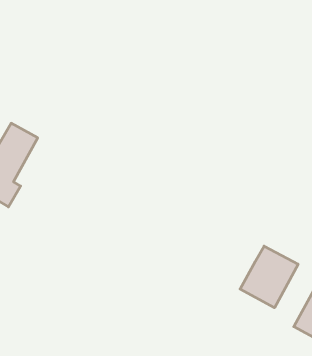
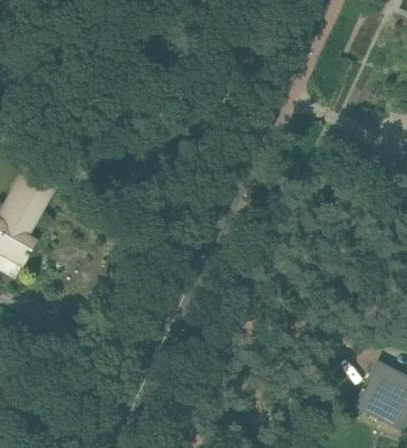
building: [240,246,298,308] -> none

